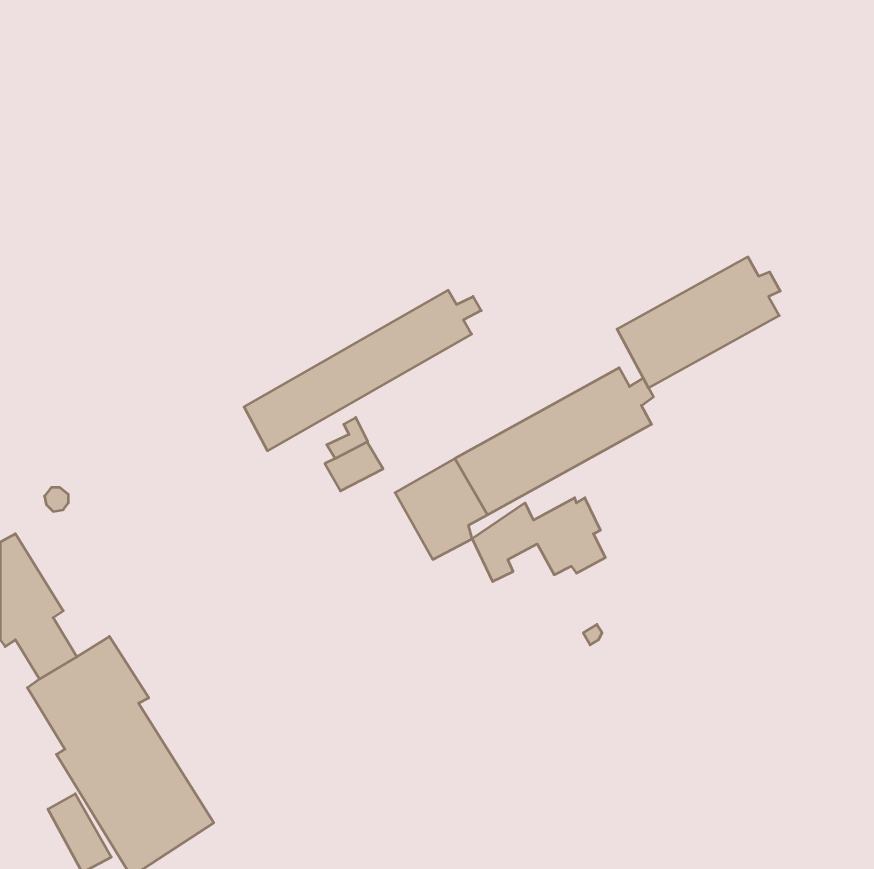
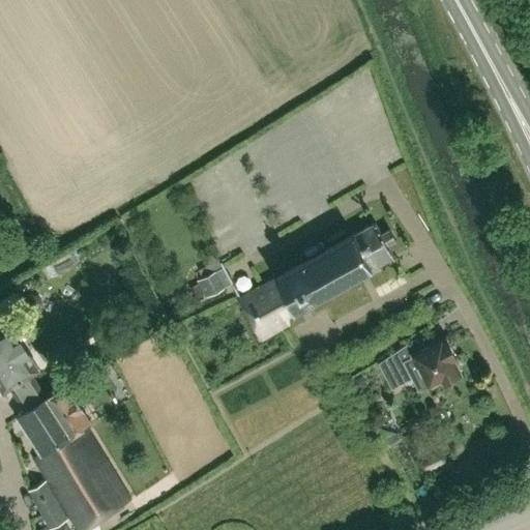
building: [617,257,780,388] -> none
building: [244,290,481,451] -> none
building: [472,498,605,582] -> [379,342,460,392]

